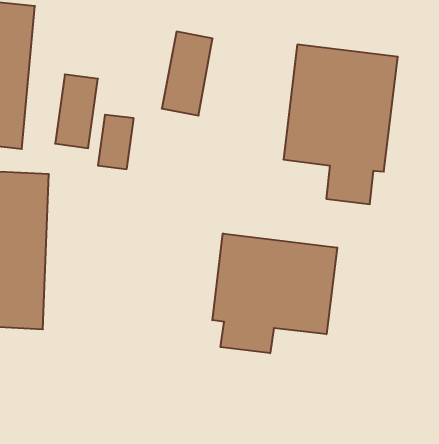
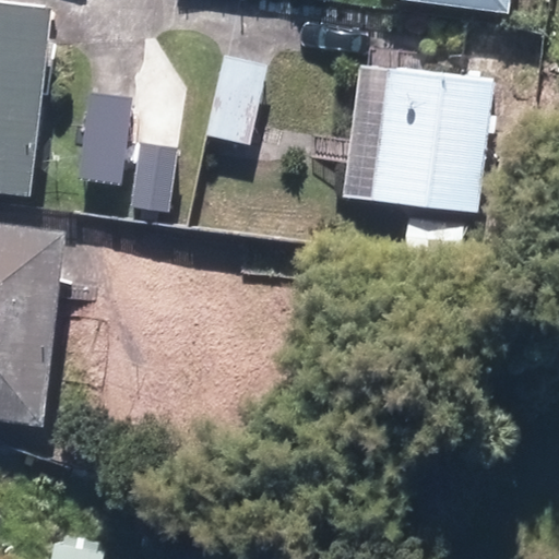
building: [212,233,337,353] -> none

